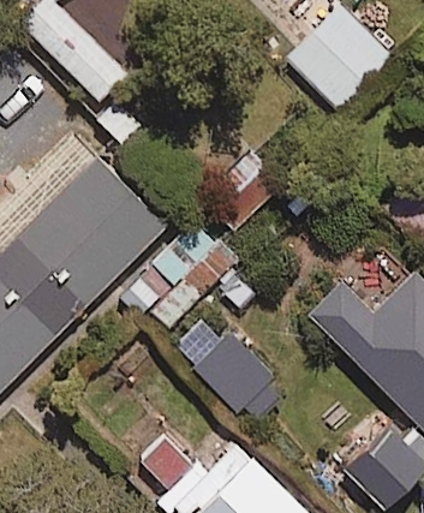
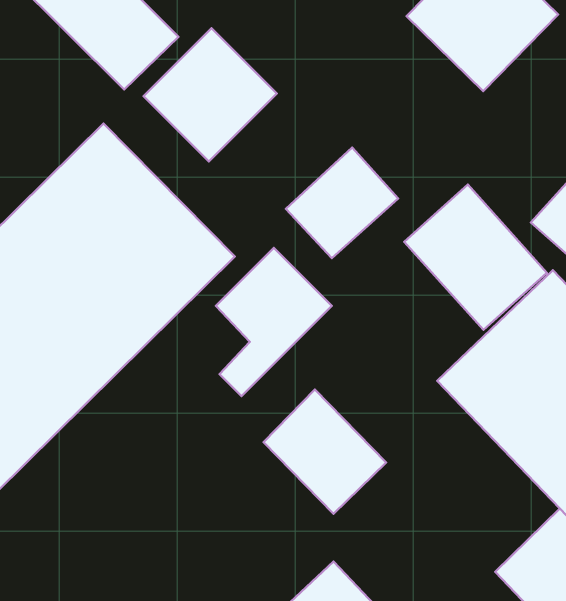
building: none -> [144,28,277,161]
building: none -> [404,185,547,330]

